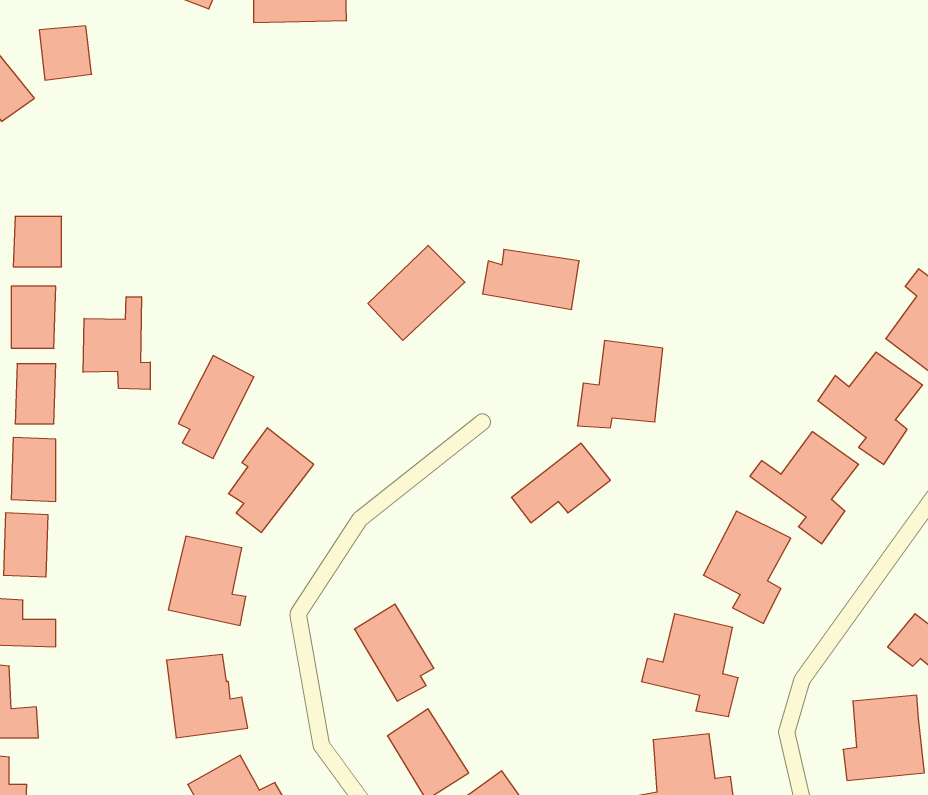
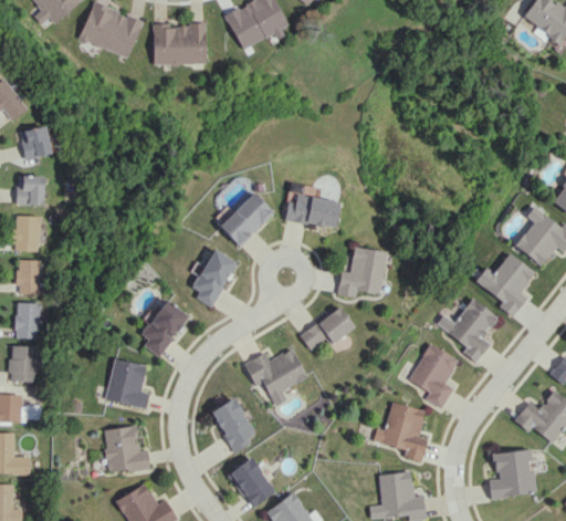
building: [39,26,92,80] -> [20,127,50,158]
building: [83,297,150,390] -> none
building: [178,356,254,458] -> [191,249,234,308]
building: none -> [243,347,308,406]

